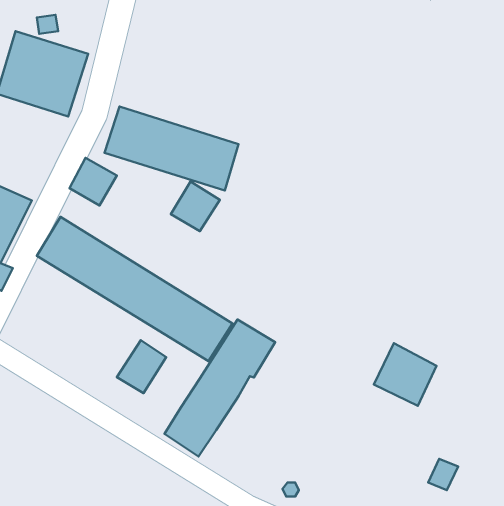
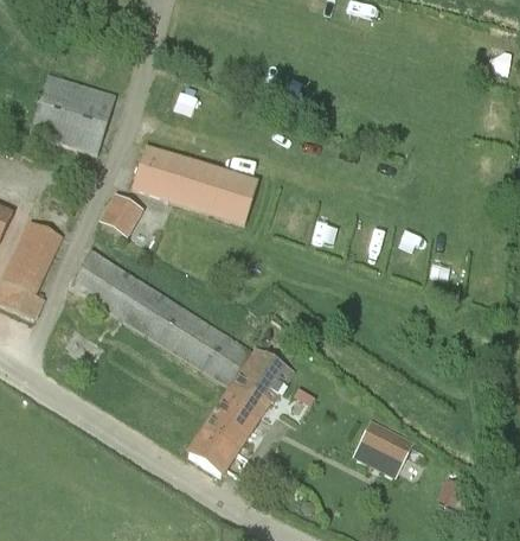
building: [171,181,220,231] -> none
building: [117,340,166,393] -> none
building: [374,343,437,406] -> [353,419,412,478]

